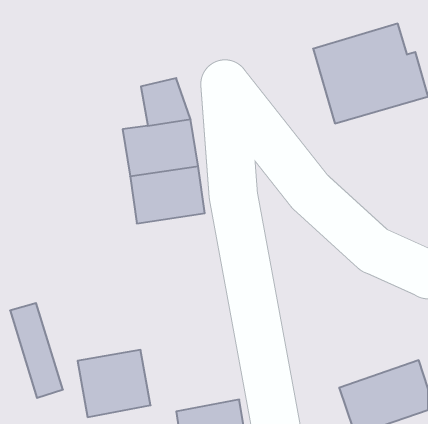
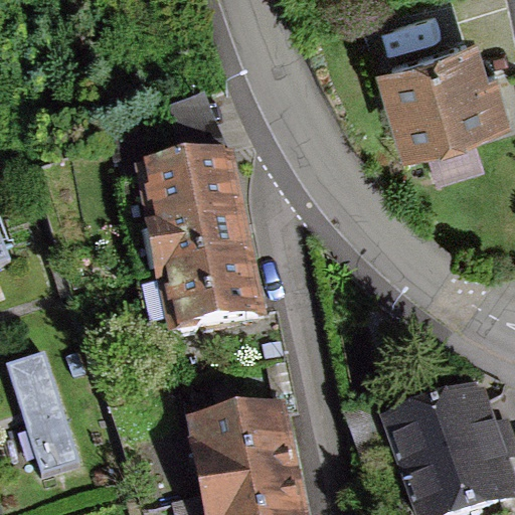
building: none -> [164,262,254,331]
building: none -> [386,379,502,471]
building: [78,350,151,417] -> [199,418,287,499]

